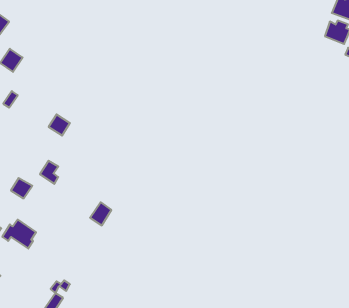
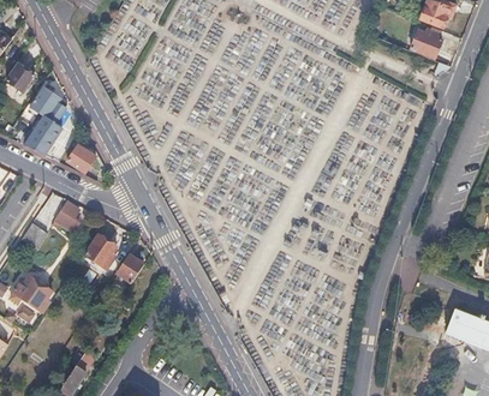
building: none -> [26,88,67,150]
building: none -> [85,235,118,270]

